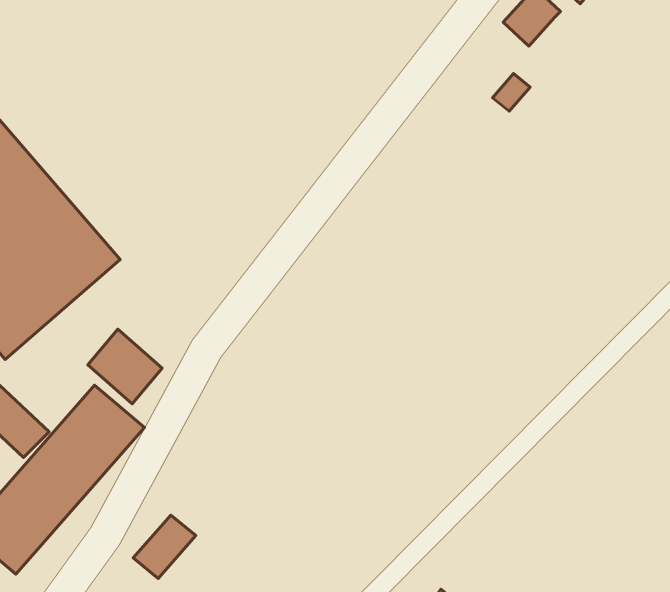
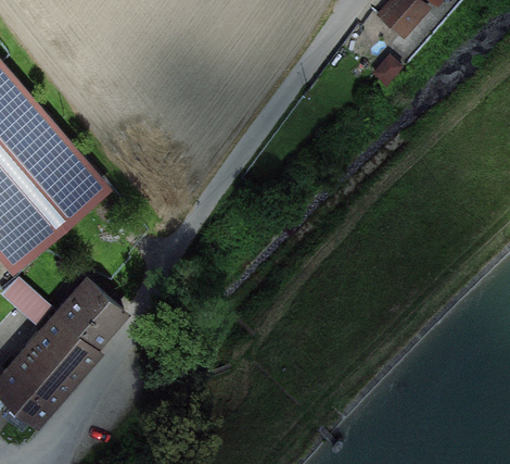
building: [88,329,162,404] -> none
building: [133,515,196,578] -> none

